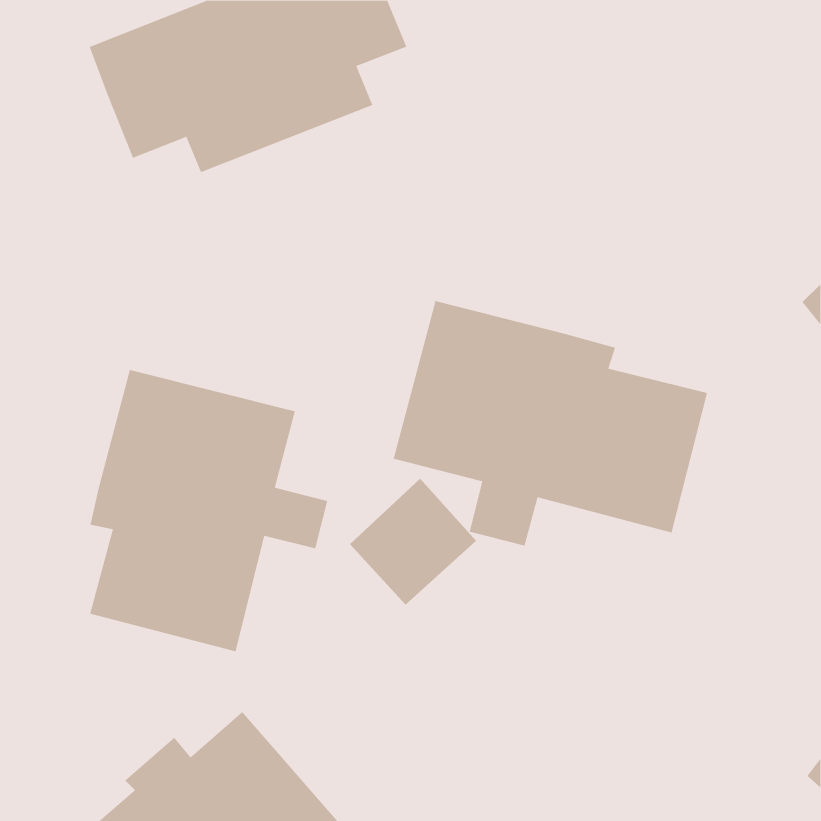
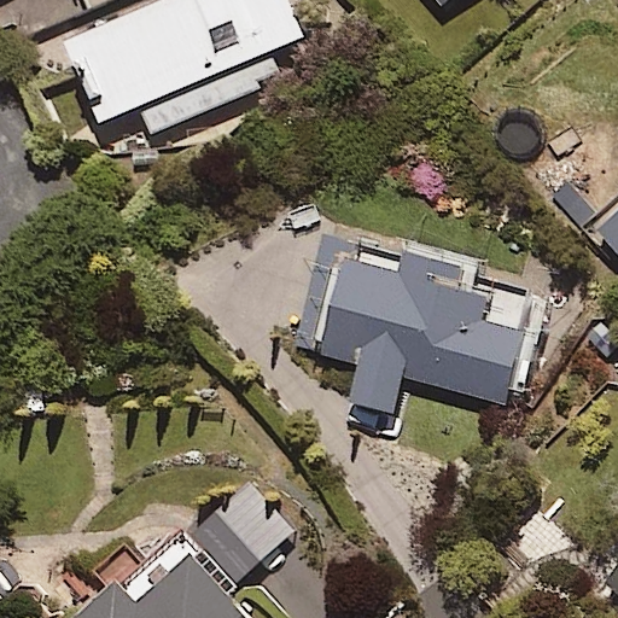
building: [89,369,328,652] -> none
building: [349,478,477,606] -> [196,485,291,581]

